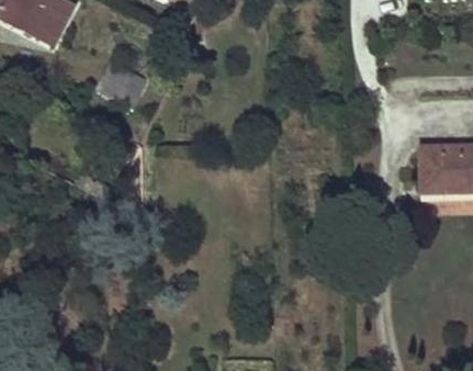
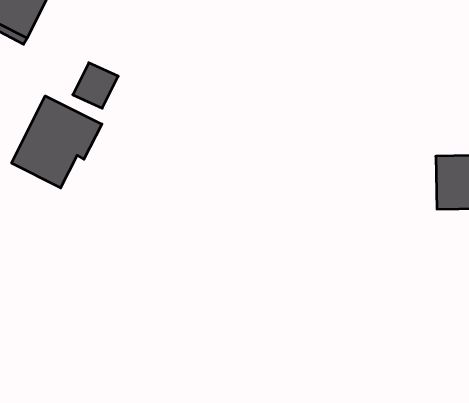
building: none -> [12,96,102,188]

